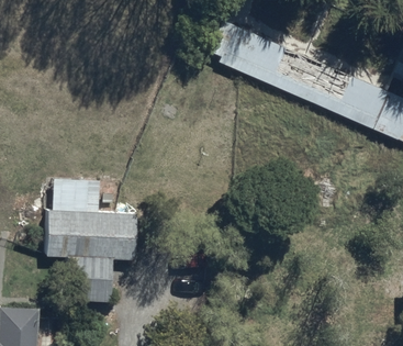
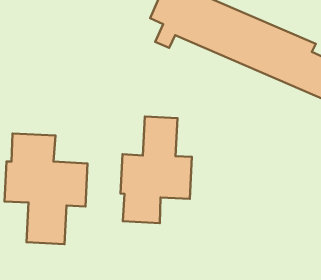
building: none -> [120,117,192,223]

